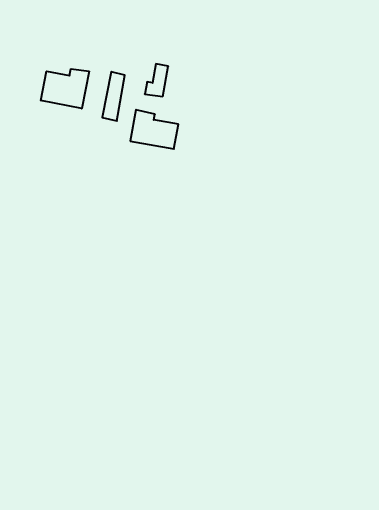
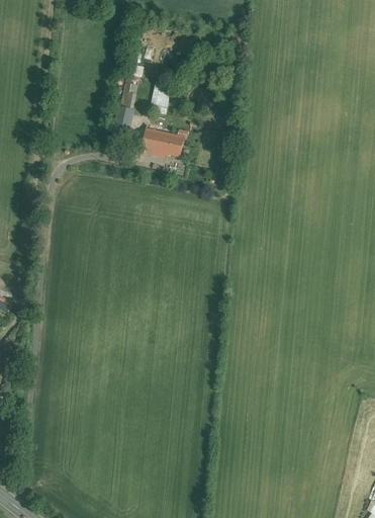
building: [41,69,89,109] -> none

